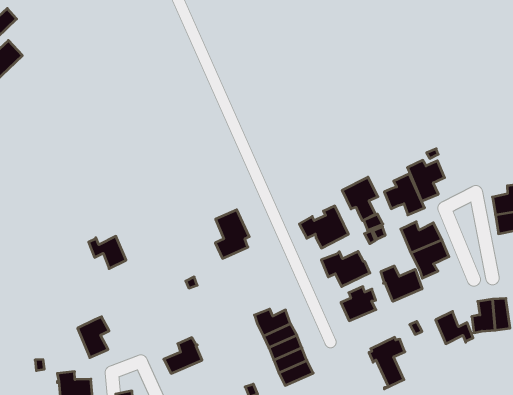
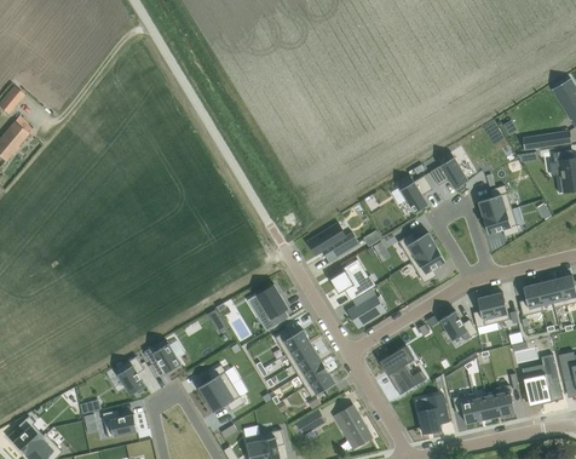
building: [384,174,425,215] -> [430,151,468,189]
building: [342,177,378,221] -> none
building: [215,210,249,258] -> [255,283,288,329]
building: [89,236,126,269] -> [144,343,180,373]
building: [381,266,422,301] -> none
building: none -> [206,384,243,412]

